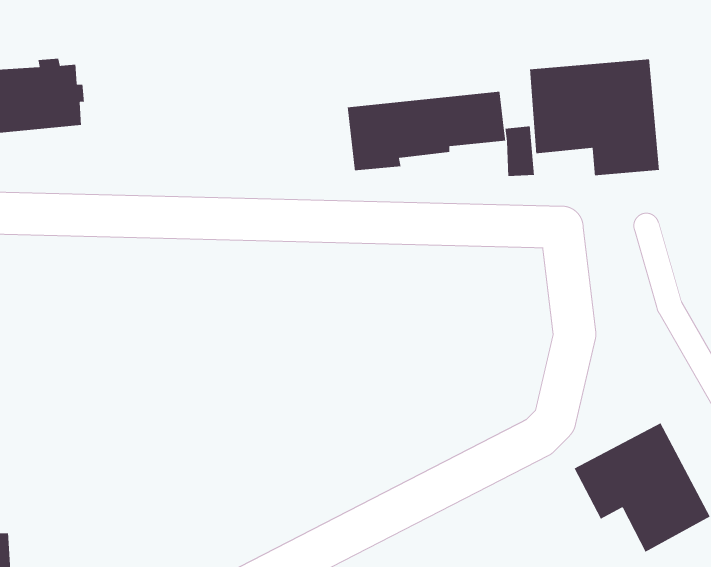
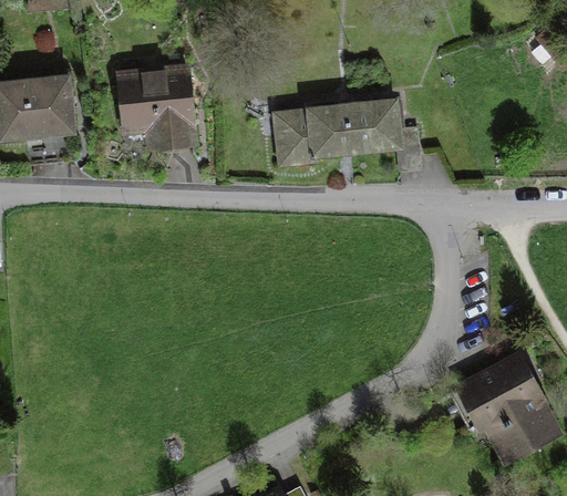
building: none -> [121,68,194,147]
building: [529,58,660,176] -> none

